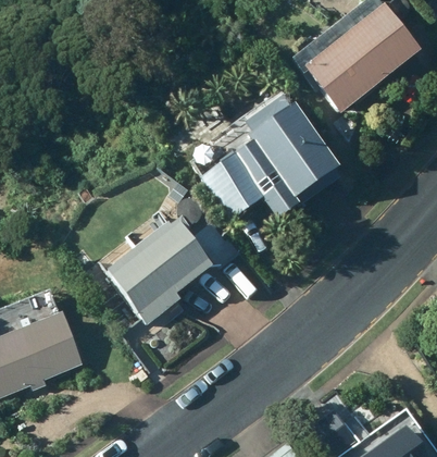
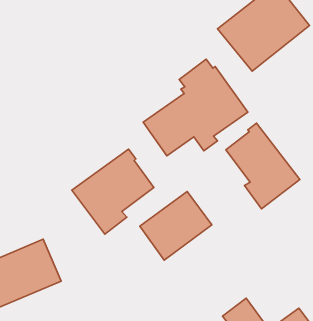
building: none -> [226,123,300,209]
building: none -> [140,192,212,260]

